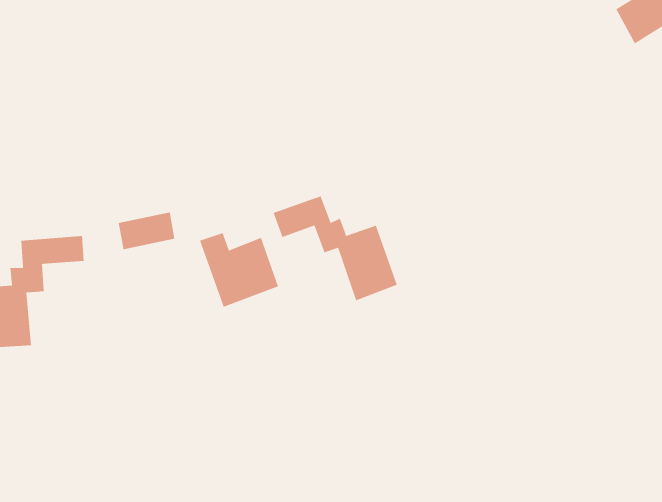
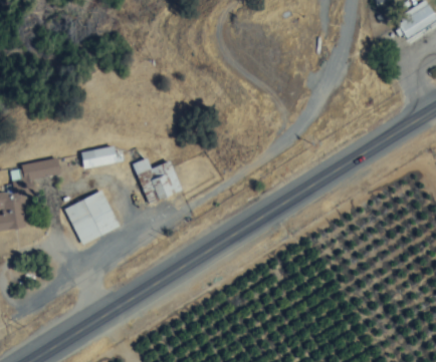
building: [273,195,398,301] -> none
building: none -> [65,191,120,245]

